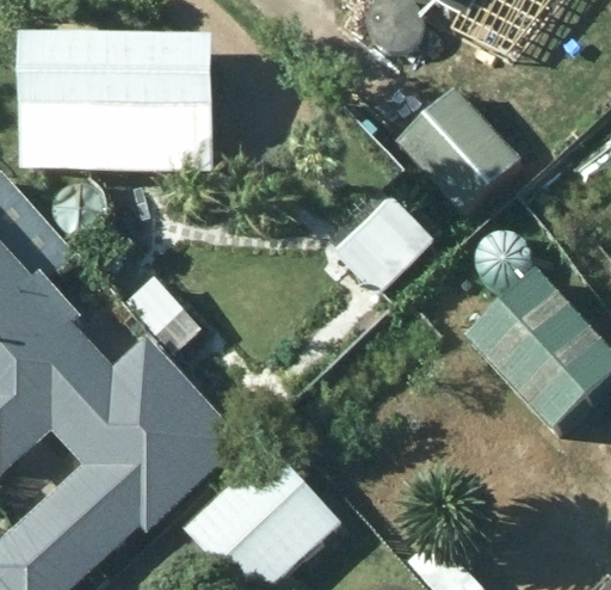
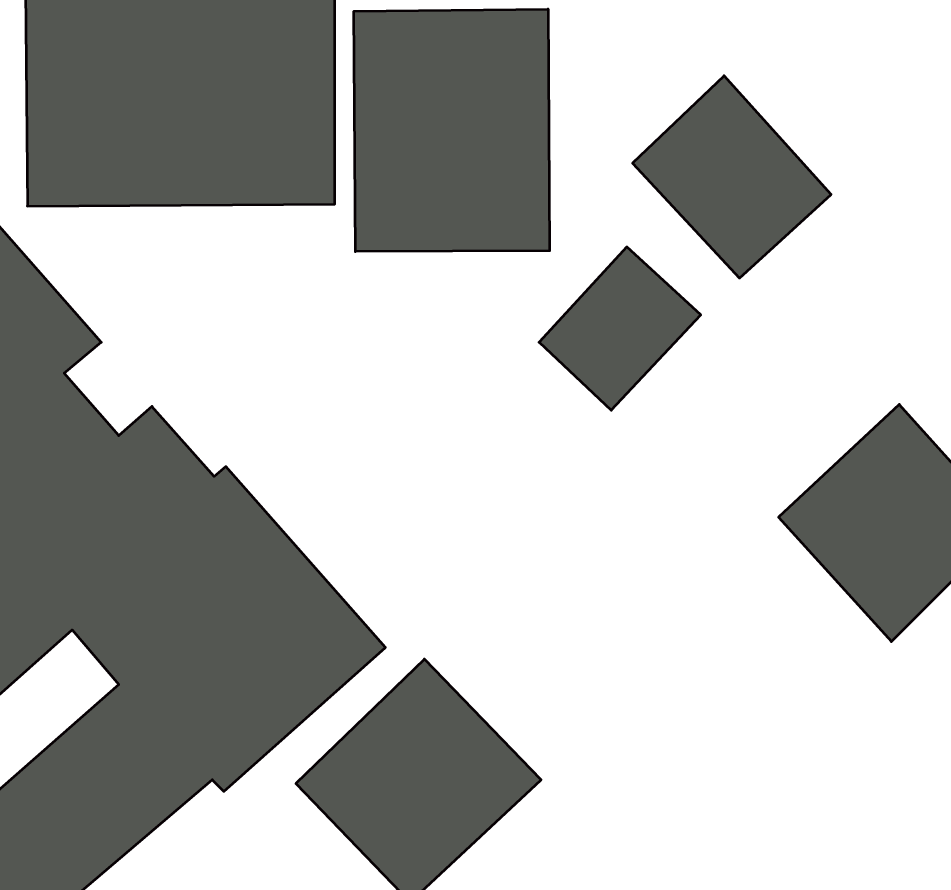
building: none -> [354,9,550,252]

